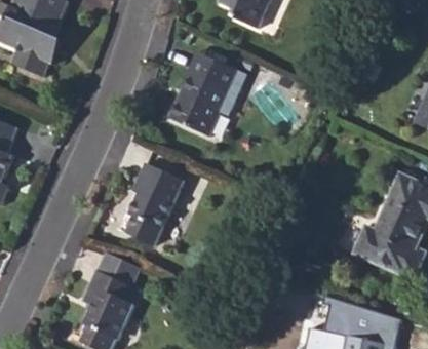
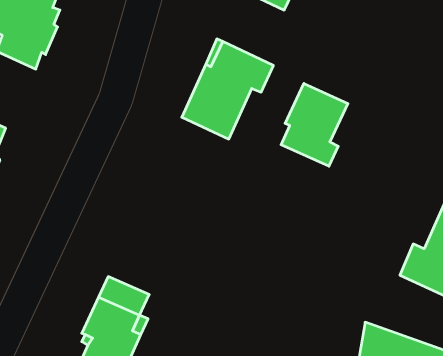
building: none -> [281,83,348,166]
building: [121,163,183,245] -> none

